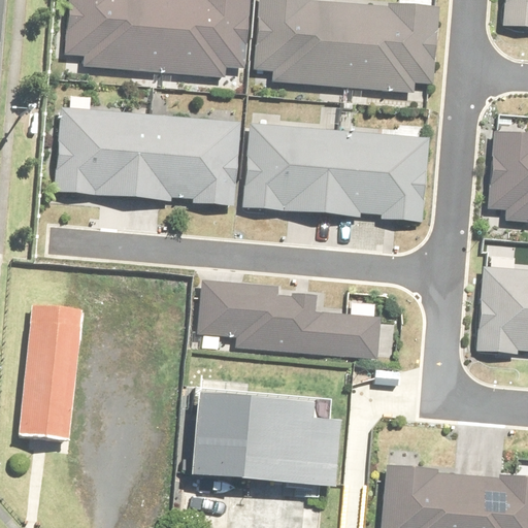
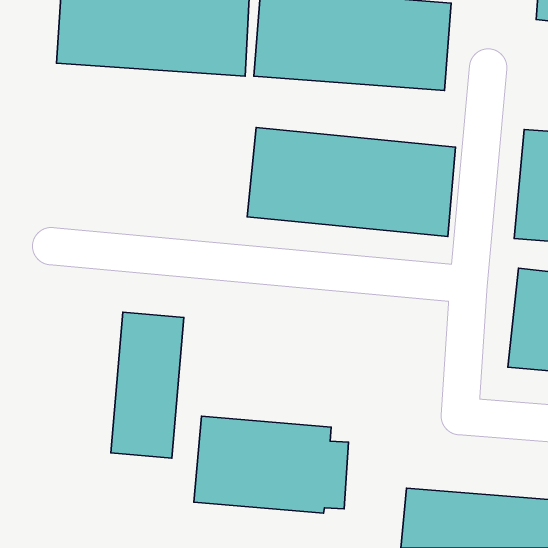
building: [50,105,238,207] -> none
building: [197,275,375,364] -> none
building: [20,302,89,440] -> [111,312,184,458]

